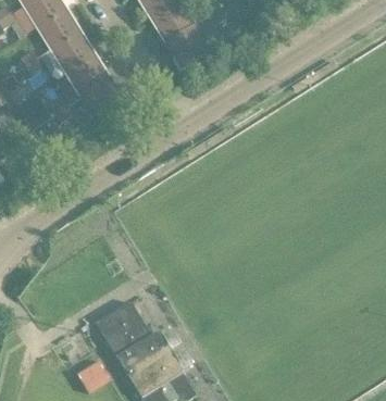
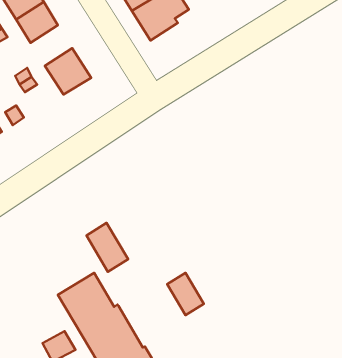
building: [55,54,108,102] -> none
building: none -> [86,223,128,272]
building: none -> [167,273,204,315]

